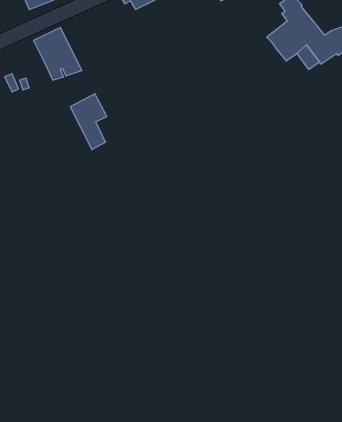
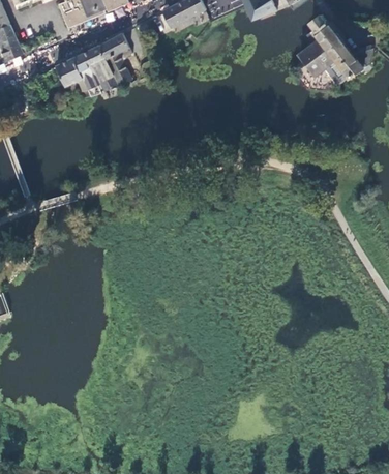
building: none -> [54,57,87,92]
building: [70,94,107,150] -> [97,32,132,86]

